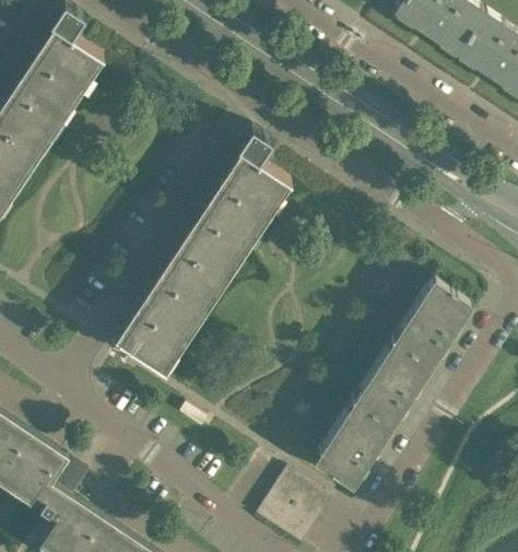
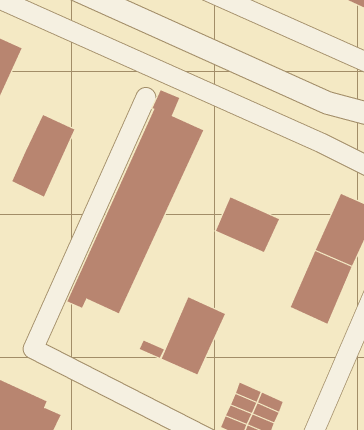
building: none -> [11,114,75,197]
building: none -> [215,196,280,253]
building: [315,400,396,490] -> [161,297,226,375]

